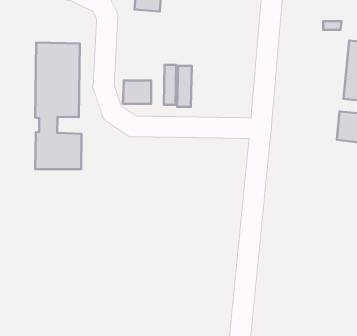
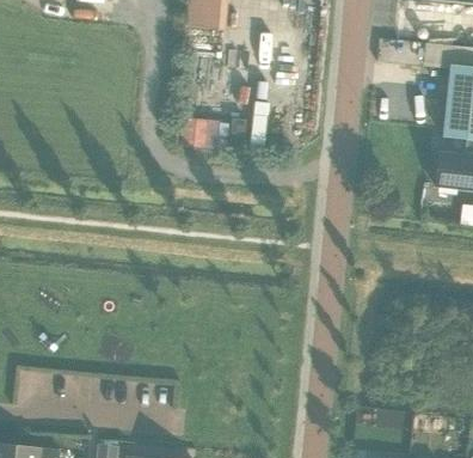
building: [35,43,82,169] -> none

